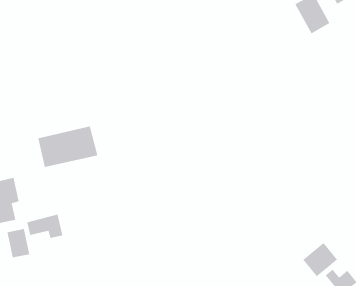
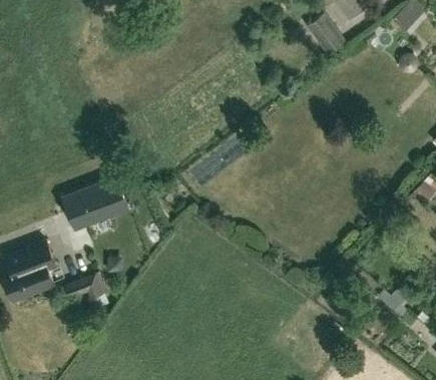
building: [7,228,30,258] -> none
building: [302,242,338,277] -> none

